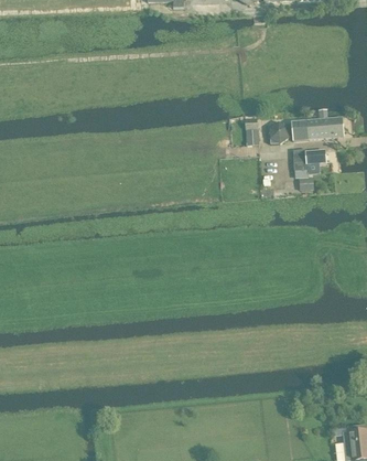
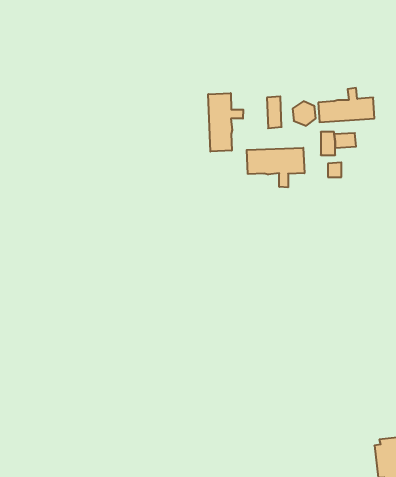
building: none -> [208,93,243,152]
building: none -> [247,148,304,187]

